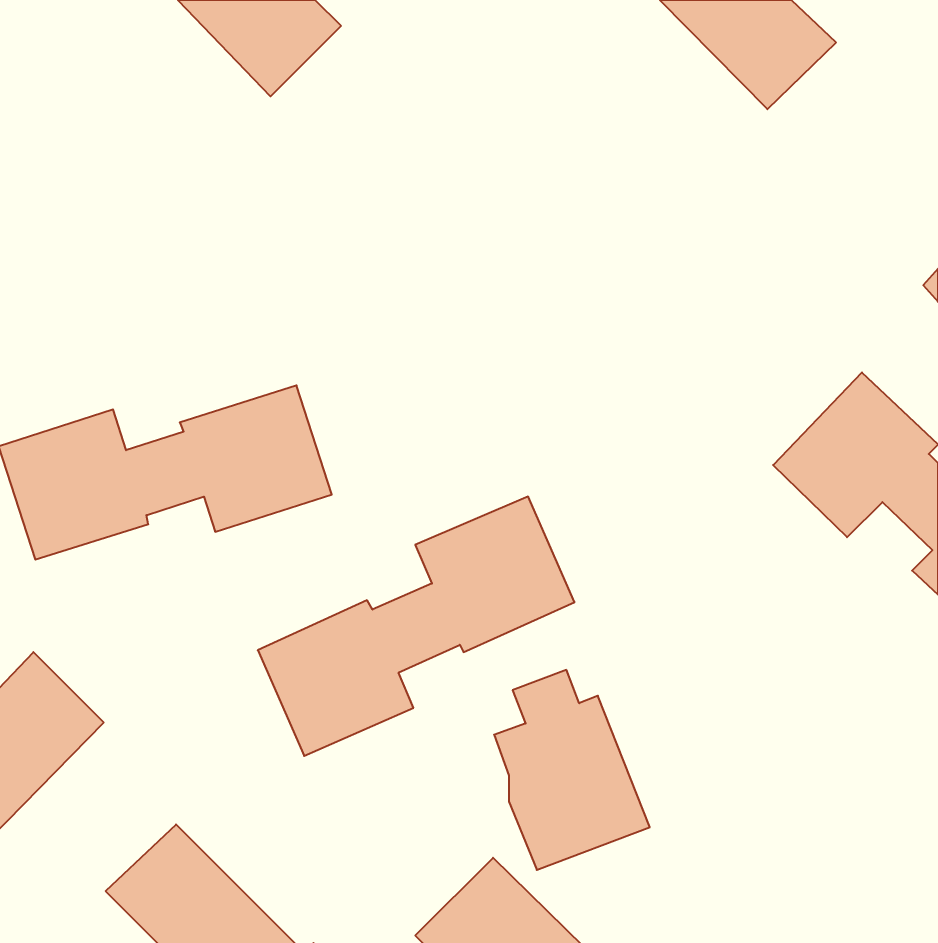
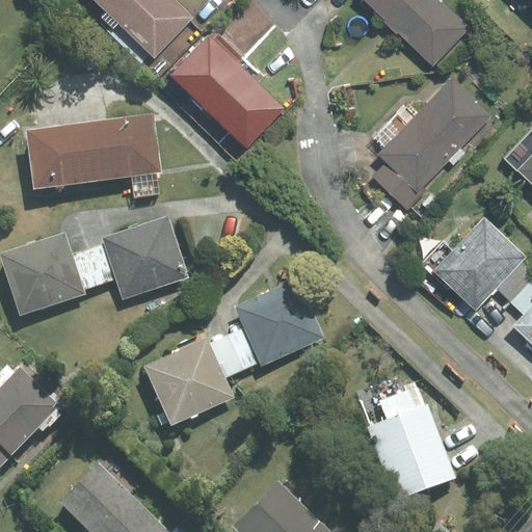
building: none -> [172,27,286,142]
building: none -> [371,75,489,207]
building: none -> [27,115,160,189]
building: [494,670,650,870] -> [368,391,455,503]

